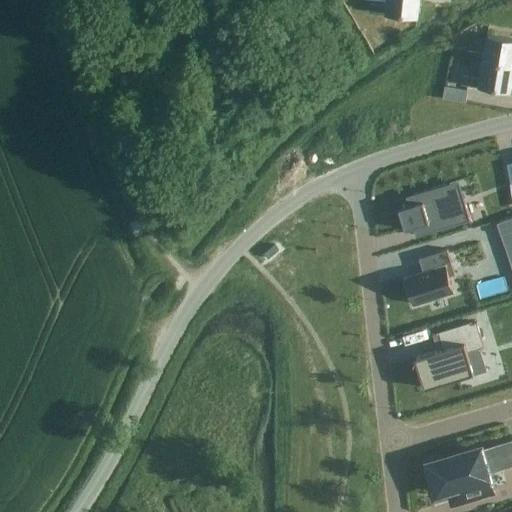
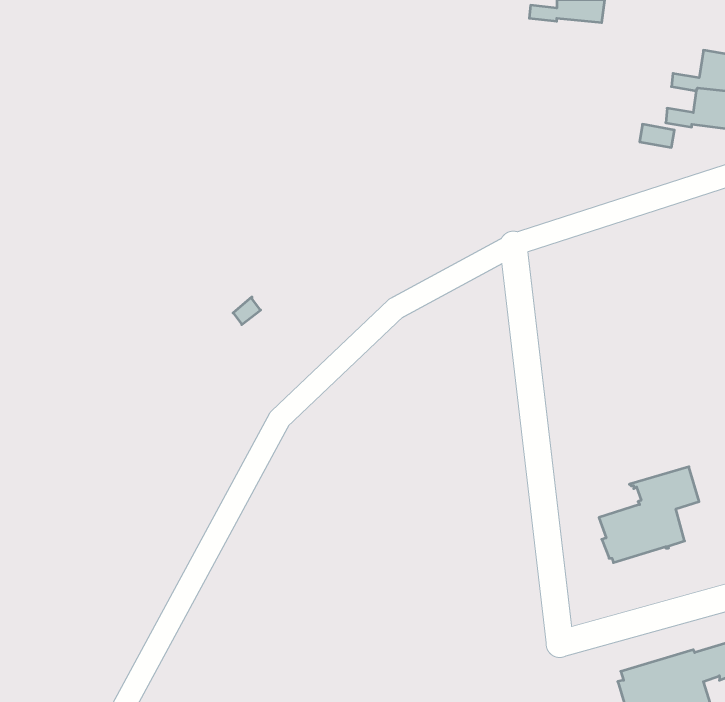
building: [395,182,470,237] -> none
building: [404,251,454,306] -> none

